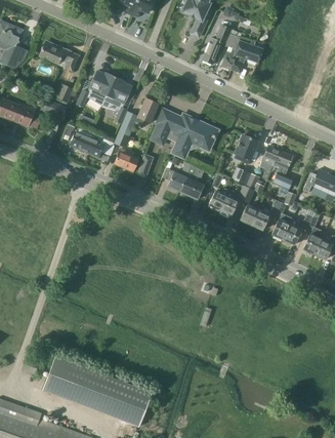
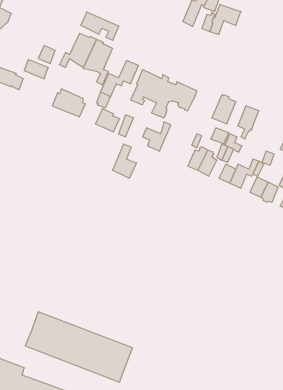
building: [39,42,78,71] -> [81,12,119,40]
building: [271,151,292,190] -> none
building: [179,165,204,200] -> [112,144,137,178]

